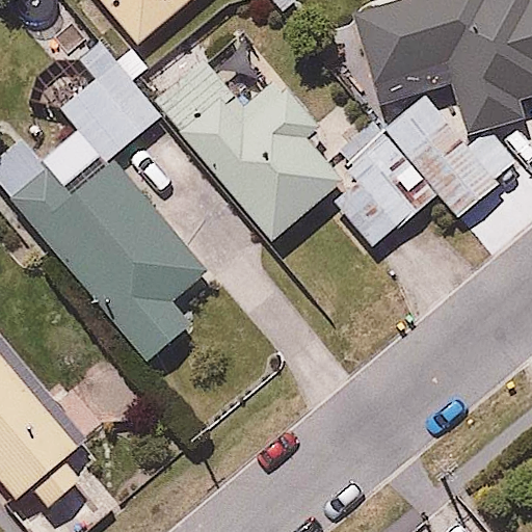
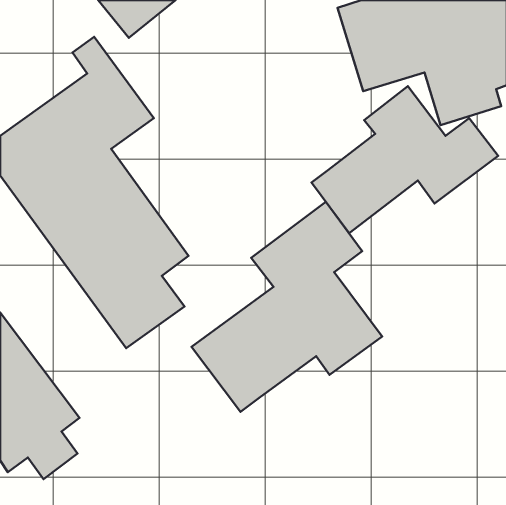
building: [158,30,344,240] -> none
building: none -> [191,202,382,412]

